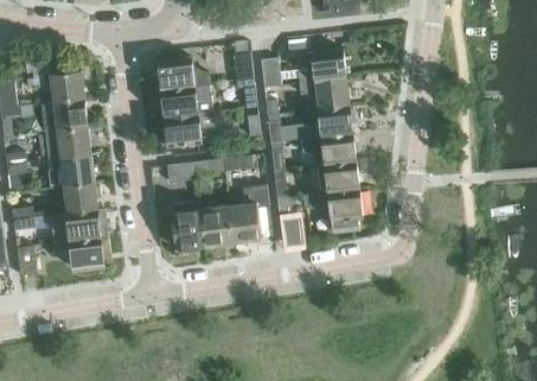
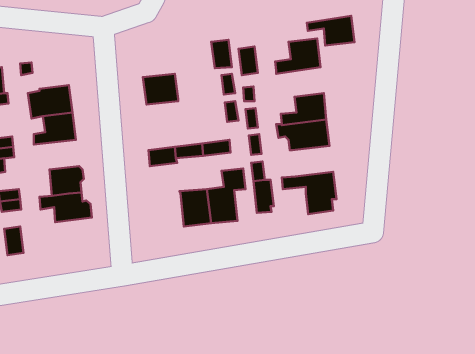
building: [156,58,209,90] -> none
building: [49,71,83,102] -> none
building: [299,80,349,110] -> [307,16,355,46]
building: [159,112,213,148] -> none
building: [46,155,94,186] -> none
building: [315,161,358,193] -> none
building: [170,209,203,249] -> none
building: [69,236,108,269] -> none

